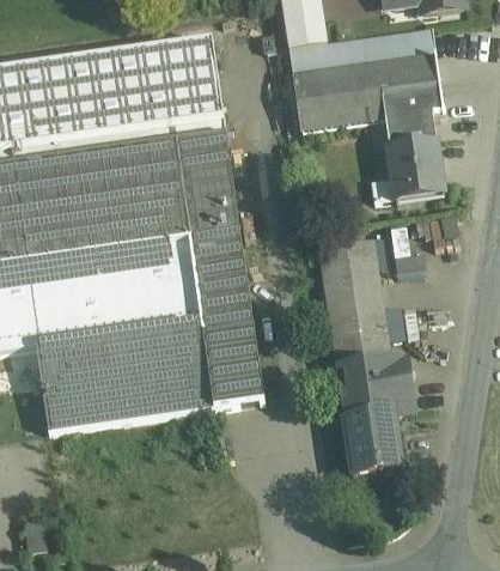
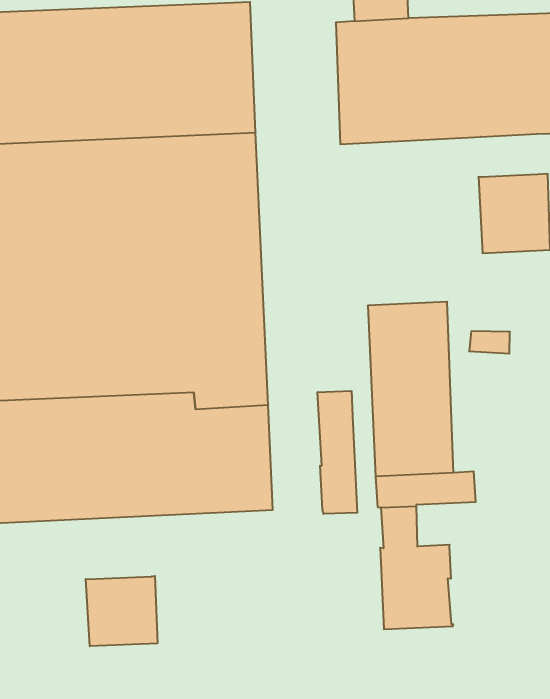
building: [385,110,428,145] -> none
building: none -> [318,391,357,514]
building: [366,376,413,412] -> none
building: none -> [86,576,157,646]

